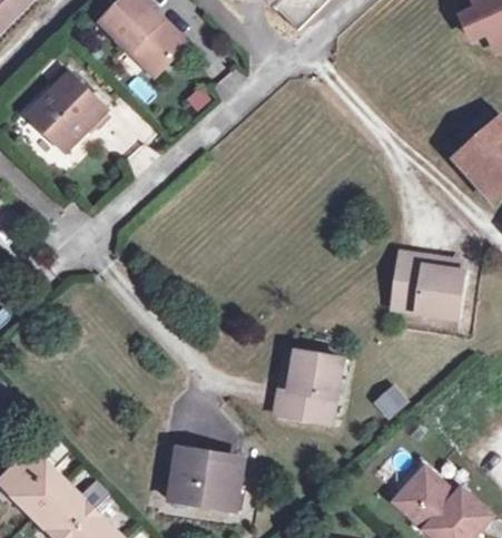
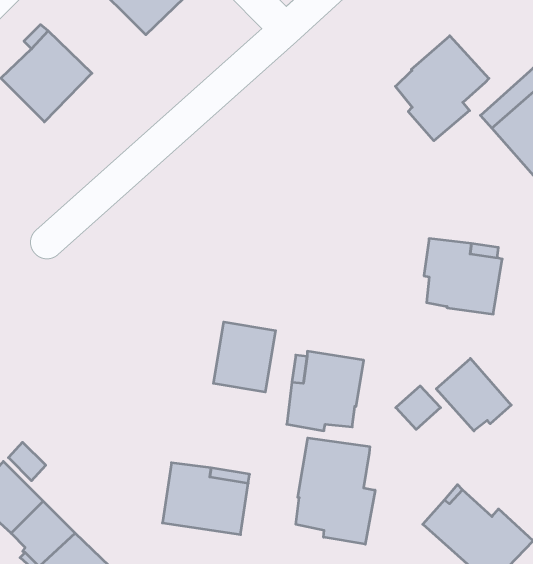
building: none -> [395,36,489,141]
building: none -> [213,322,276,392]
building: none -> [436,358,511,431]
building: none -> [296,438,375,544]

